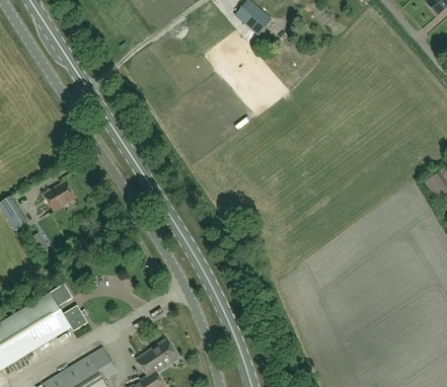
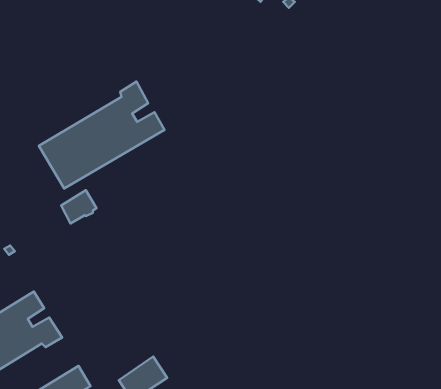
building: none -> [39,82,165,188]
building: [45,181,75,210] -> [61,190,96,223]

